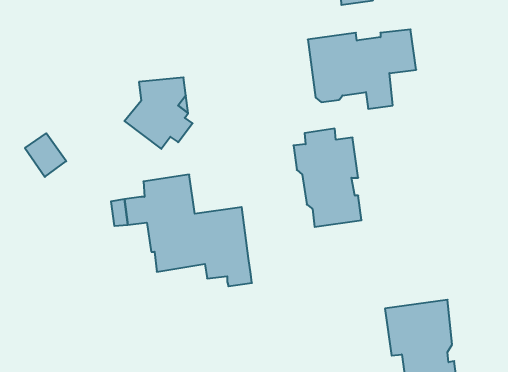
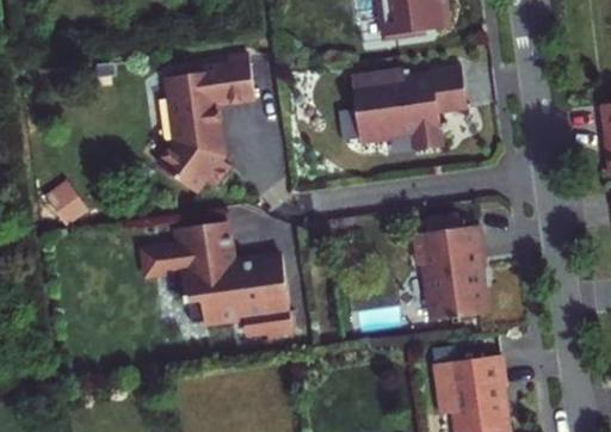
building: none -> [165,54,253,121]
building: [293,129,362,227] -> [413,215,486,320]

